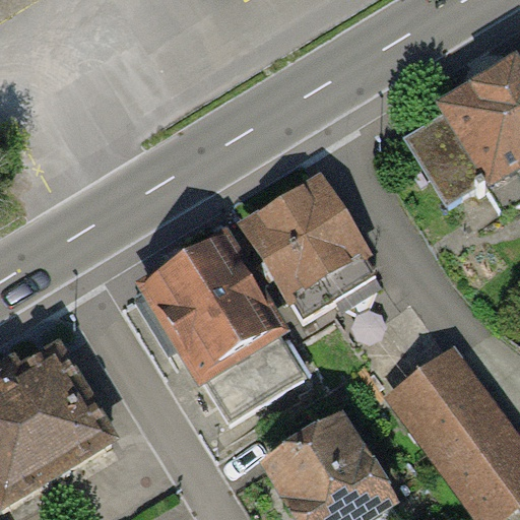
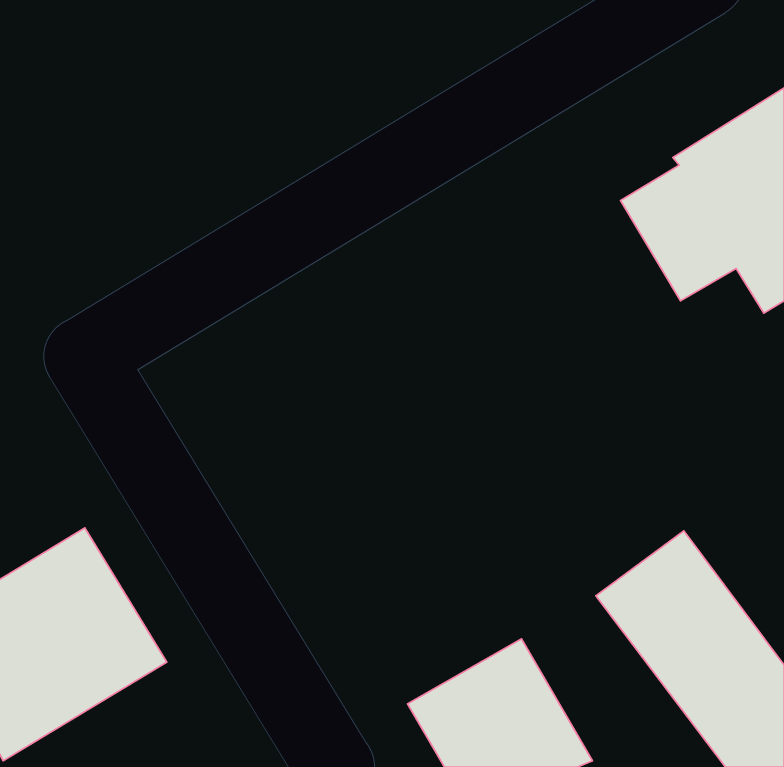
building: [248,179,375,313] -> none
building: [134,238,304,416] -> none

